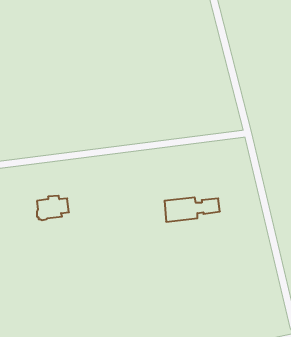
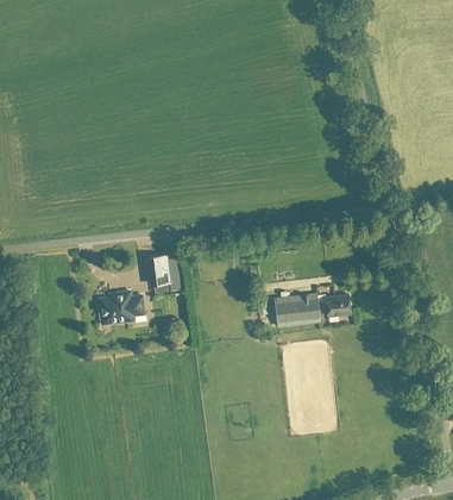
building: none -> [149,252,184,292]

